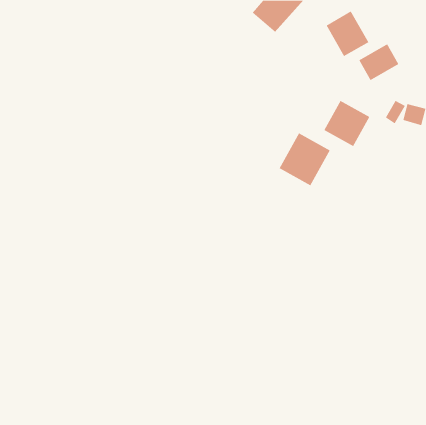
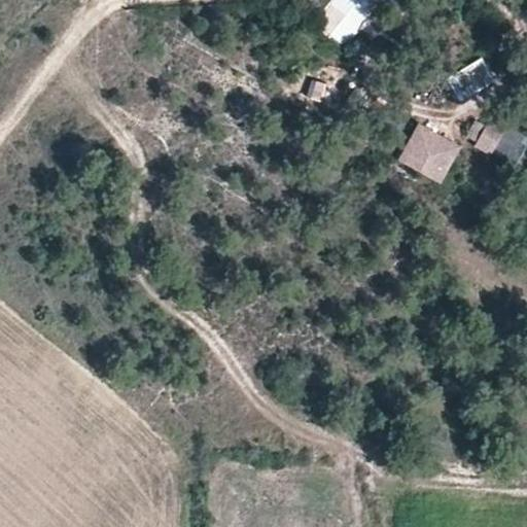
building: [326,11,369,57] -> none
building: [279,132,330,186] -> none

